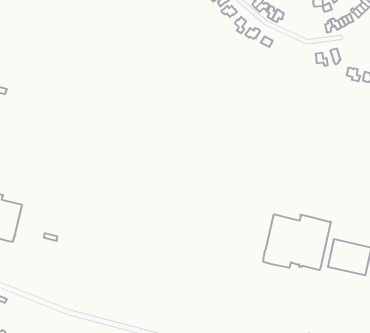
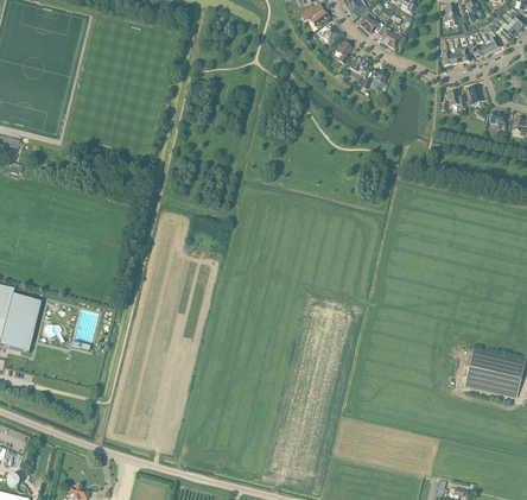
building: [263,214,331,270] -> none

